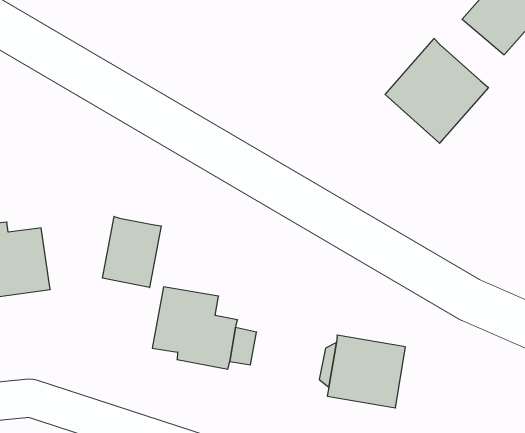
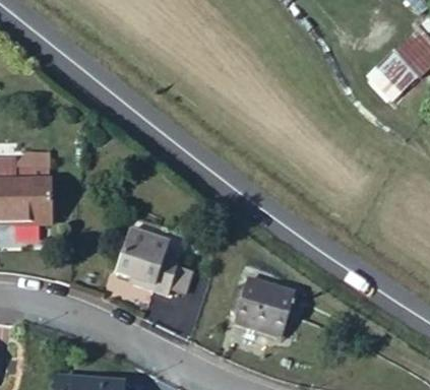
building: [385,39,488,143] -> none
building: [102,216,161,288] -> none

